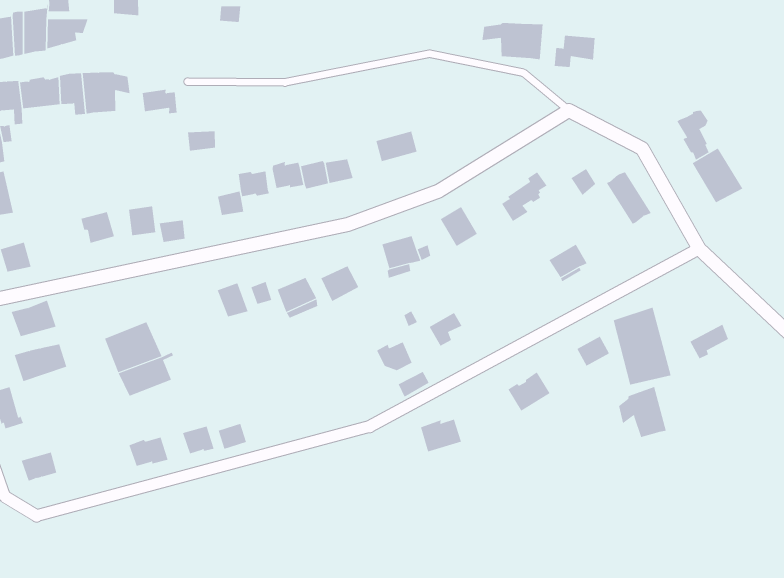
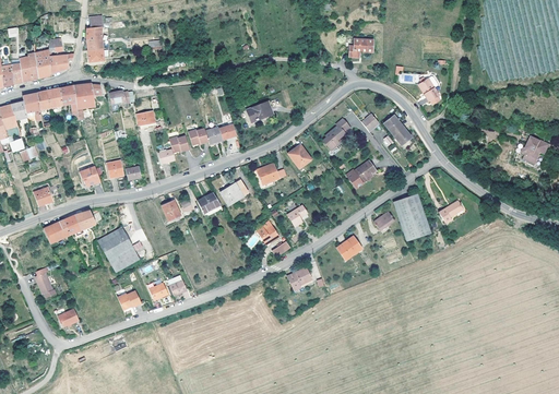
building: [482,22,543,60] -> none
building: [692,147,743,203] -> none
building: [14,344,67,382] -> [63,211,95,235]
building: [619,386,666,438] -> none

